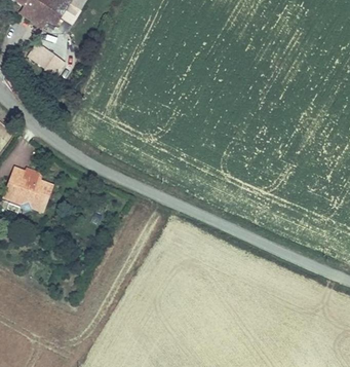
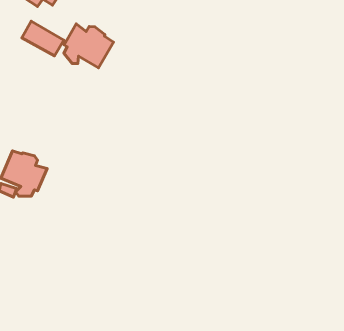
building: none -> [64,24,113,68]

